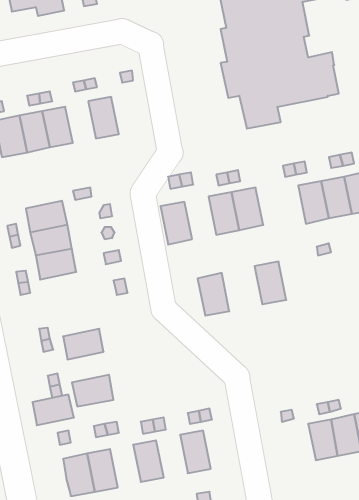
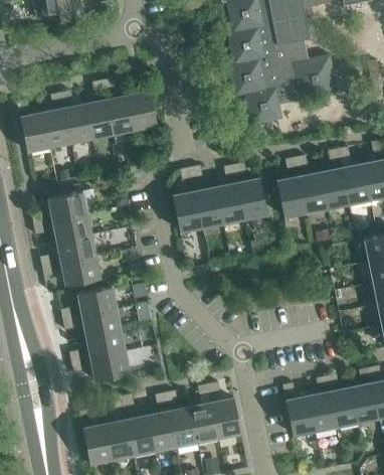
building: none -> [128,92,157,130]
building: none -> [85,100,114,138]
building: [255,262,286,304] -> [277,177,307,216]
building: none -> [62,257,101,286]
building: [198,273,229,316] -> [195,187,224,226]
building: none -> [78,287,117,316]
building: [32,395,74,425] -> [87,330,126,358]
building: none -> [286,397,316,435]
building: none -> [212,399,241,438]
building: none -> [169,407,198,446]
building: none -> [127,416,155,455]

